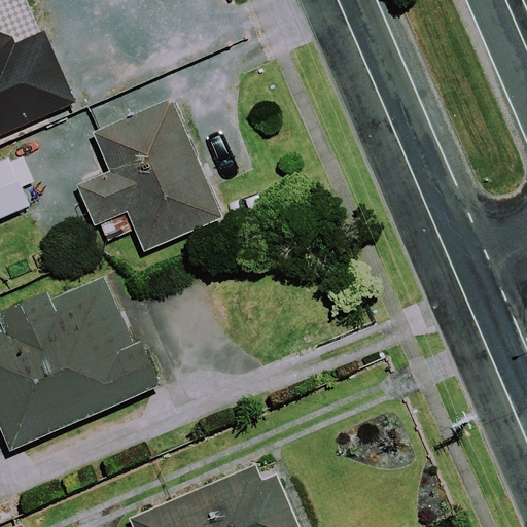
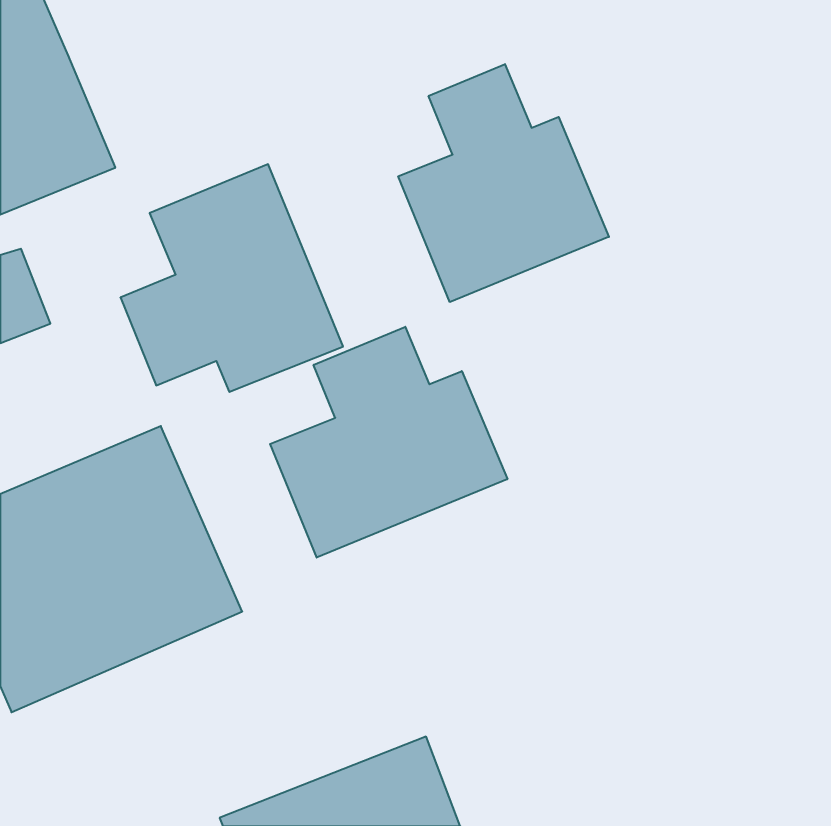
building: none -> [398,64,609,302]
building: none -> [270,327,507,558]

